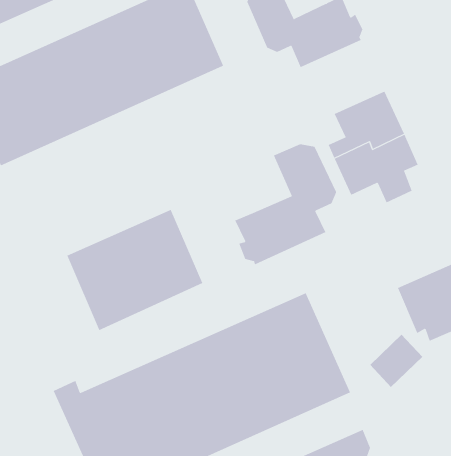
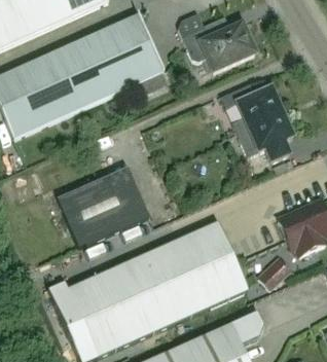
building: [234,143,337,265] -> none

